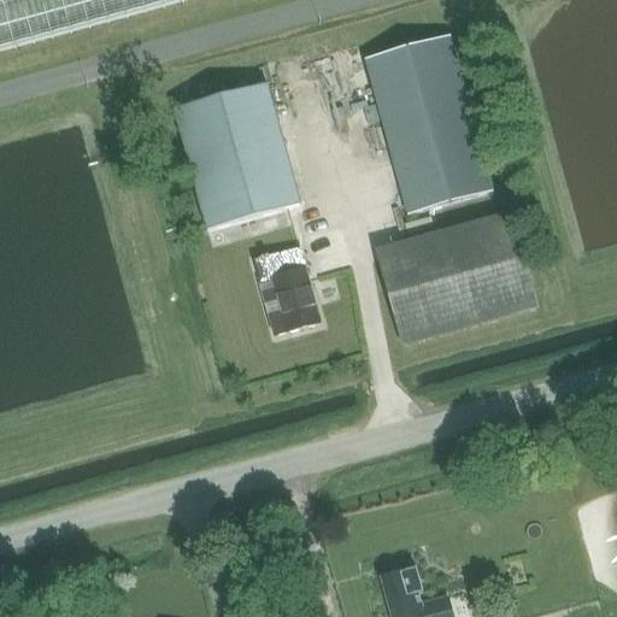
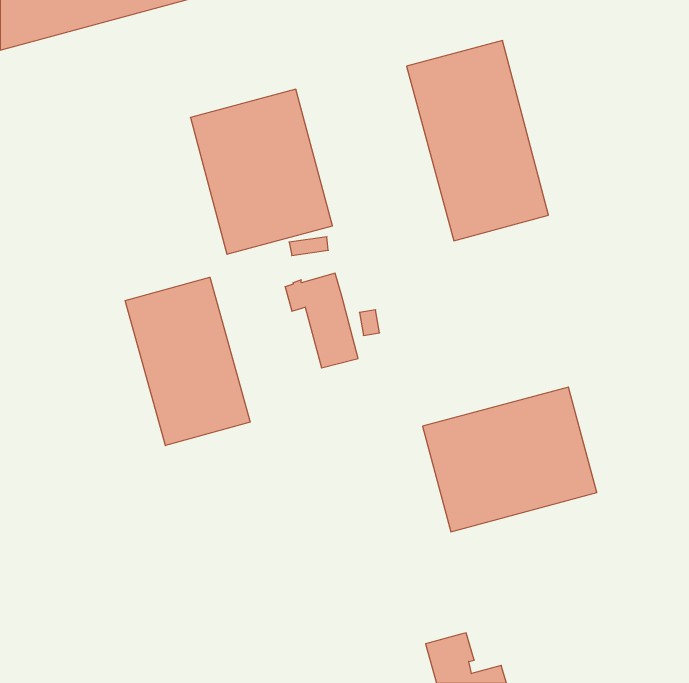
building: [378,212,534,341] -> [423,387,597,532]
building: none -> [125,277,250,446]

